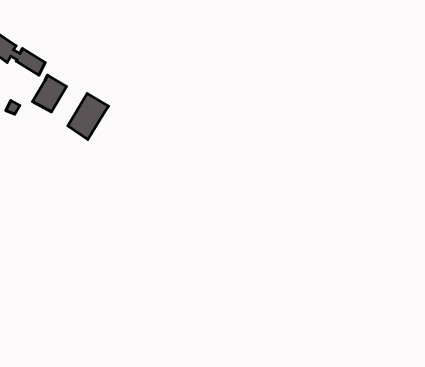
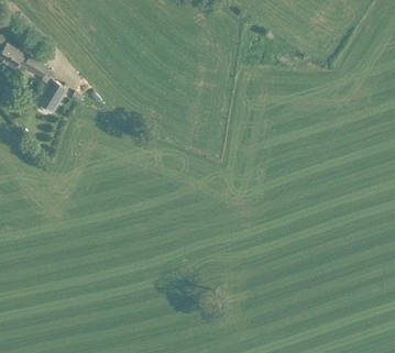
building: [68,93,108,139] -> none

